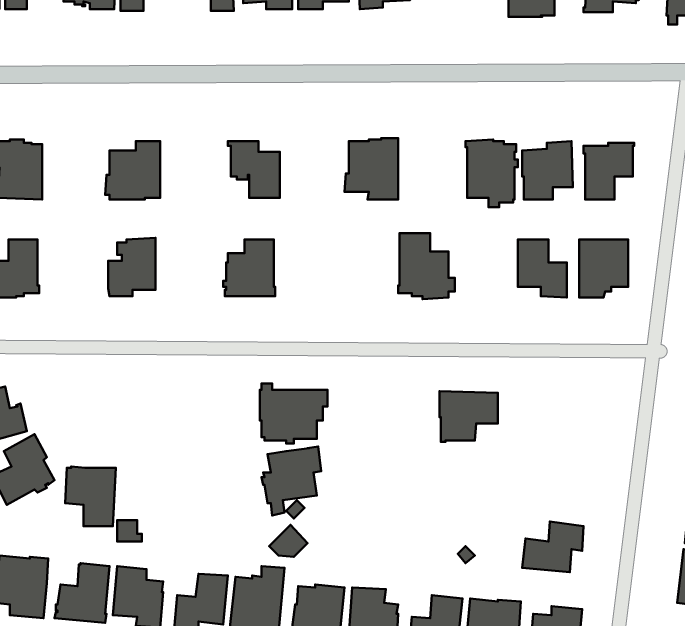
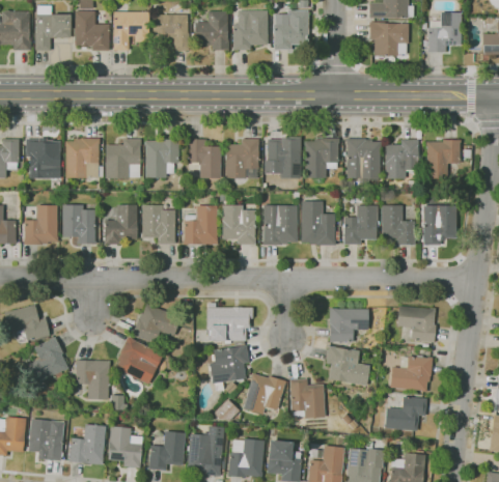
building: none -> [65,138,103,178]
building: none -> [305,138,339,177]
building: none -> [145,139,179,177]
building: none -> [226,139,259,177]
building: none -> [62,204,95,244]
building: none -> [142,204,175,244]
building: none -> [222,205,255,244]
building: none -> [264,205,298,245]
building: none -> [343,205,380,245]
building: none -> [134,304,182,343]
building: none -> [397,306,436,342]
building: none -> [113,337,164,385]
building: none -> [326,346,369,386]
building: none -> [392,355,433,391]
building: none -> [243,373,286,415]
building: none -> [290,378,325,418]

